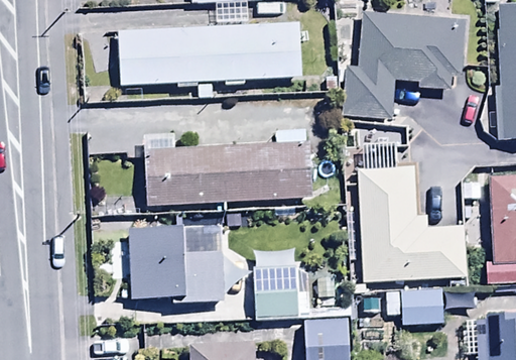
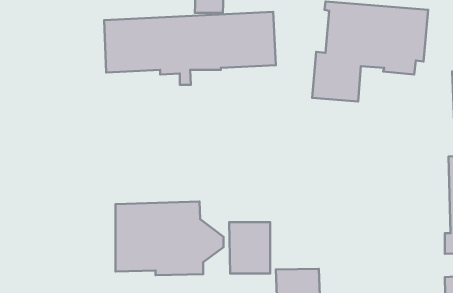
building: [144,129,317,192] -> none
building: [358,152,464,268] -> none
building: [399,274,448,312] -> none

